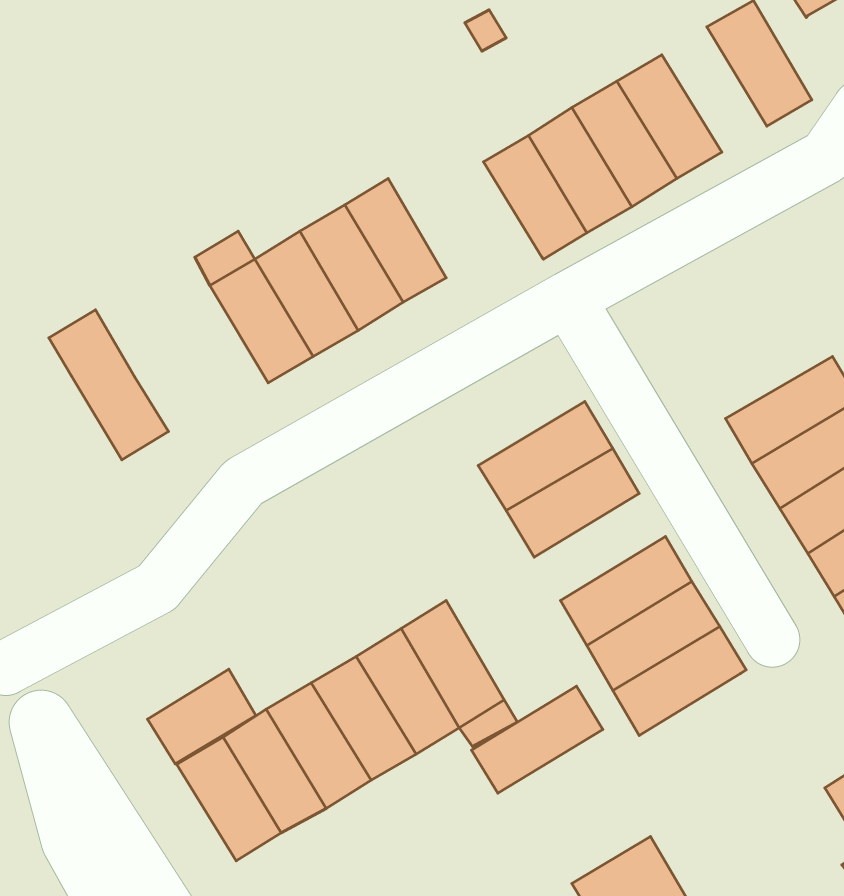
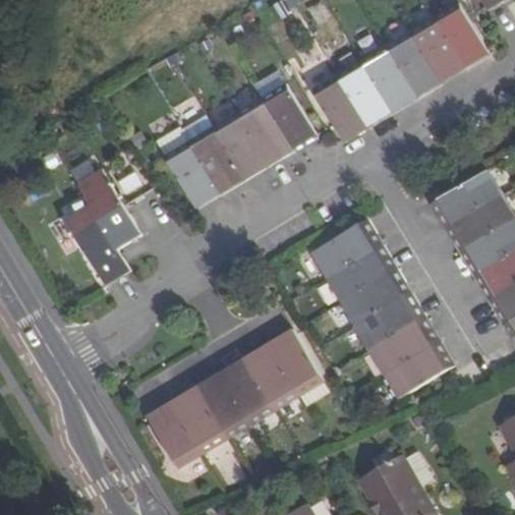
building: none -> [409,15,466,83]
building: none -> [261,82,317,152]
building: none -> [430,169,502,228]
building: none -> [64,205,128,285]
building: [148,669,256,764] -> none
building: [472,686,603,793] -> [340,269,411,327]

